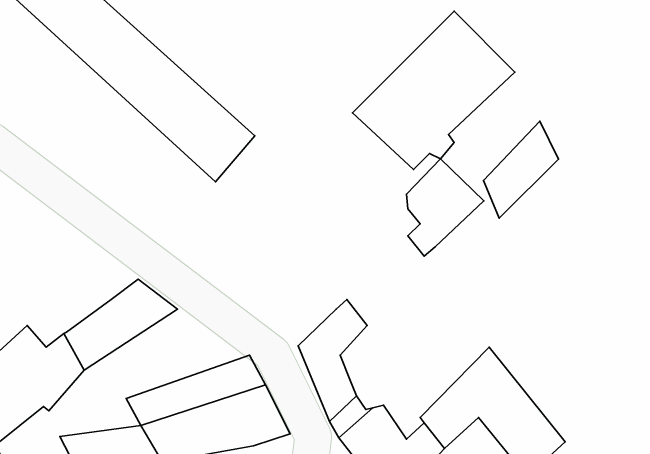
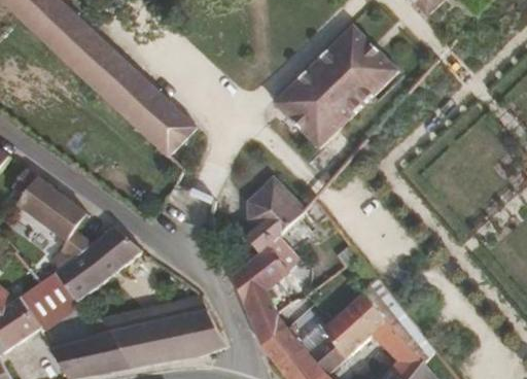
building: [484,121,558,218] -> none
building: [407,159,484,256] -> [247,178,306,252]
building: none -> [9,168,90,270]

